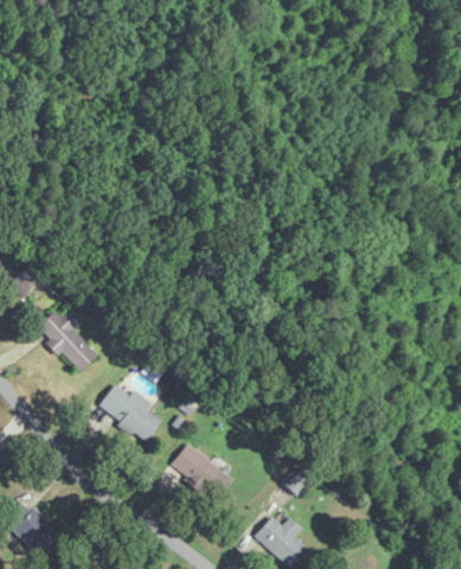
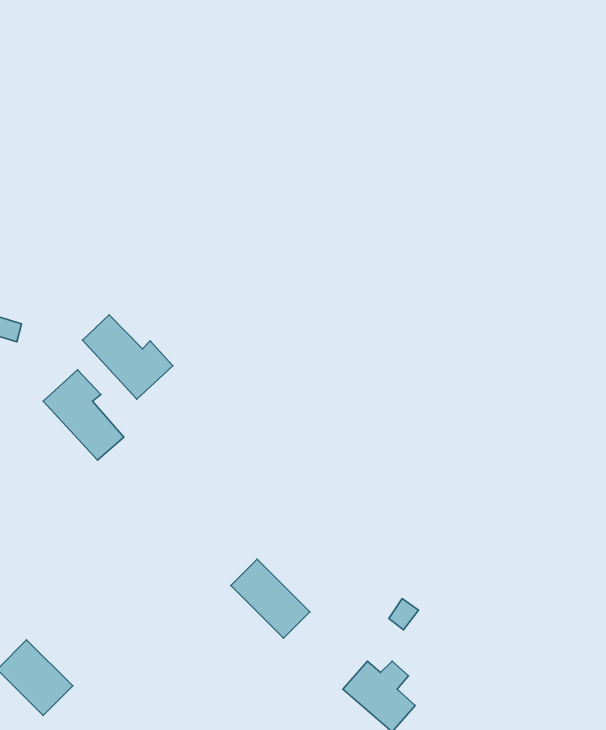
building: none -> [83,315,173,399]
building: [97,384,159,441] -> none

